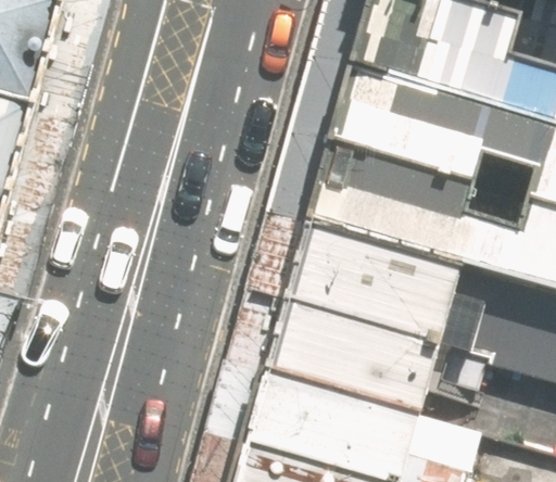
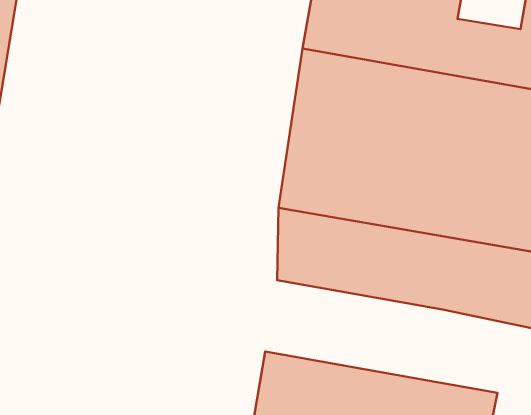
building: [264,306,439,418] -> none

